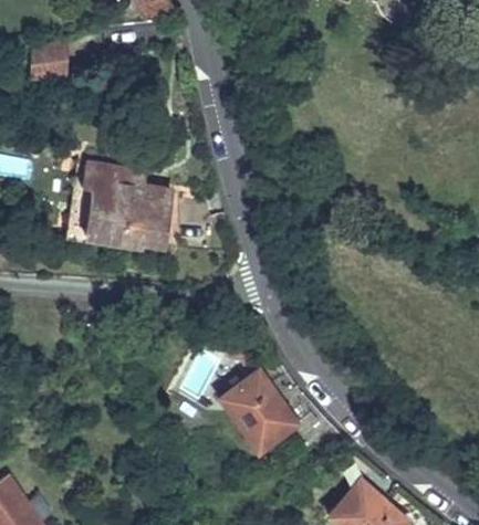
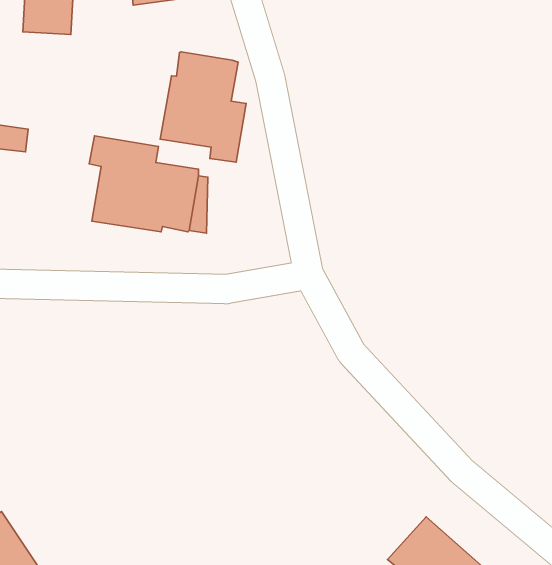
building: none -> [160,52,246,162]
building: [221,371,296,450] -> none

